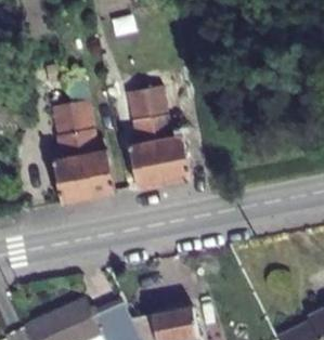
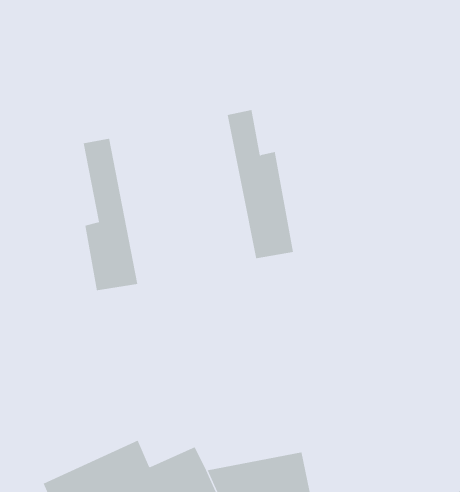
building: [131,87,167,185] -> none
building: [73,99,116,196] -> none

